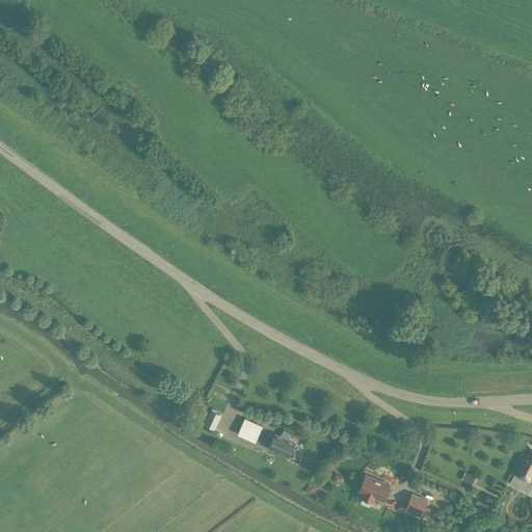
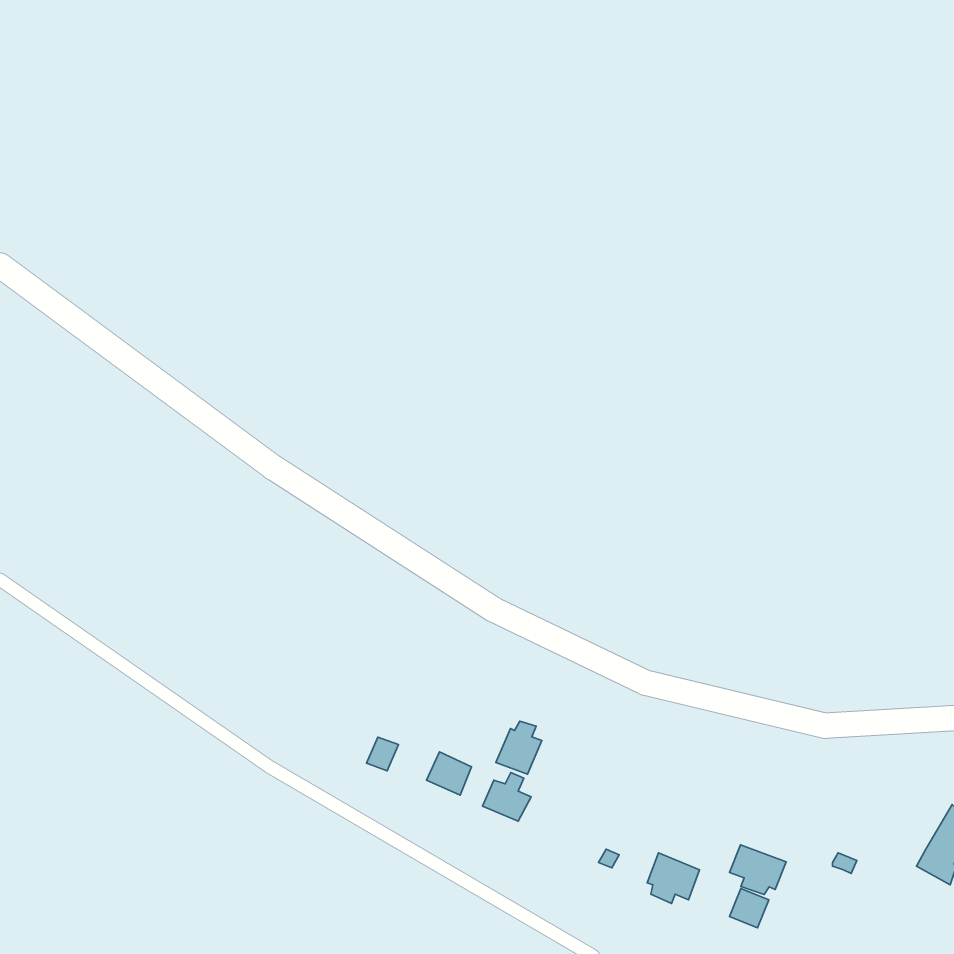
building: none -> [496,721,542,774]
building: none -> [729,845,786,894]

